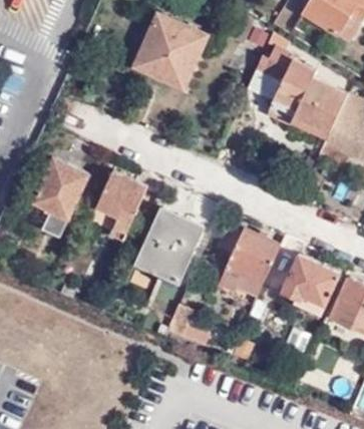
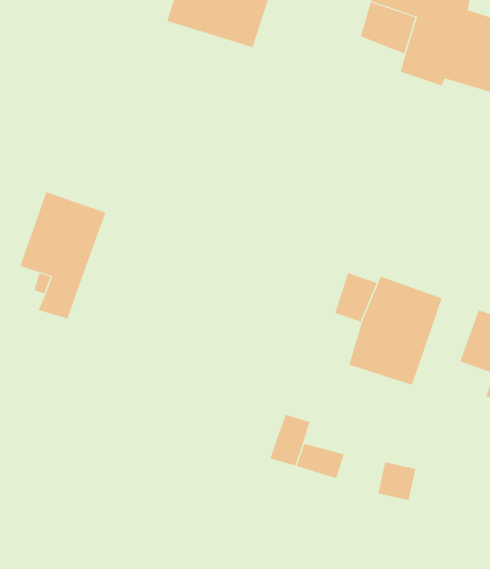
building: [93,169,147,239] -> none
building: [137,204,203,275] -> none

